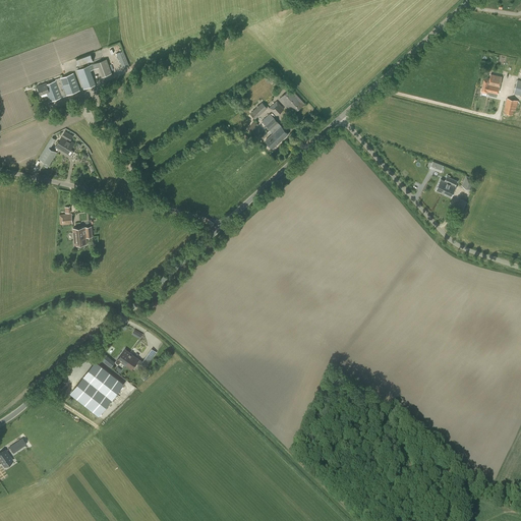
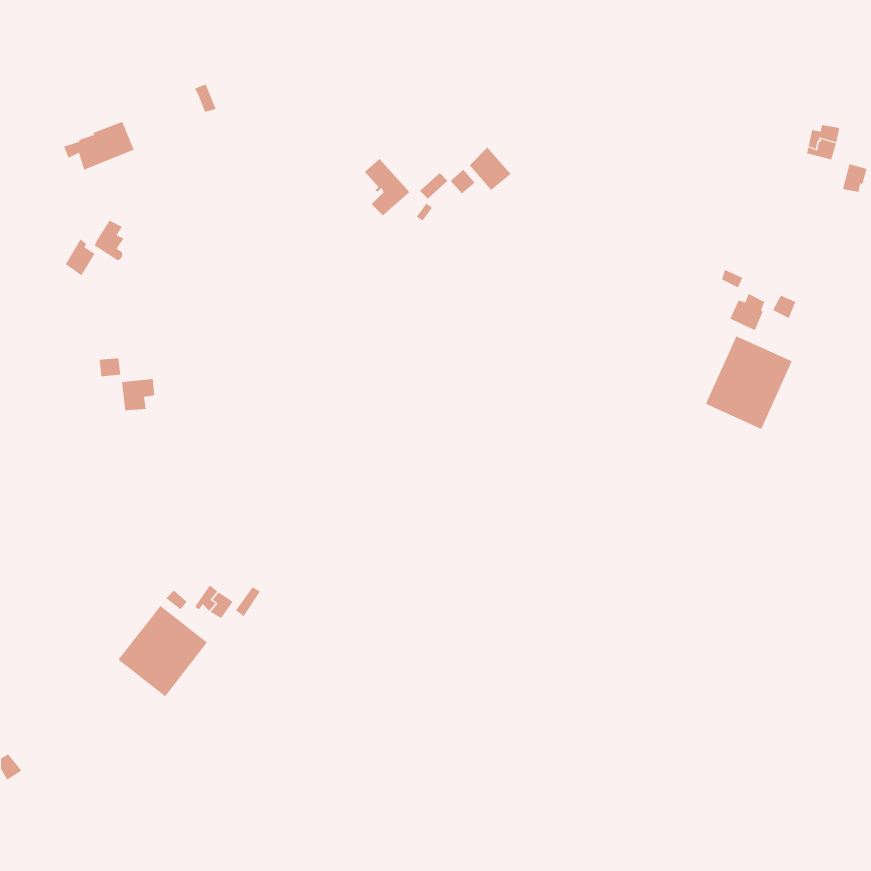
building: [76,60,111,89] -> none
building: [262,113,289,148] -> [364,158,410,216]
building: none -> [705,335,793,430]

